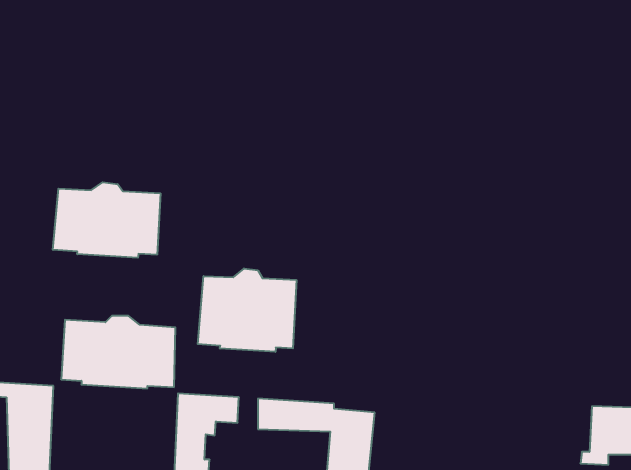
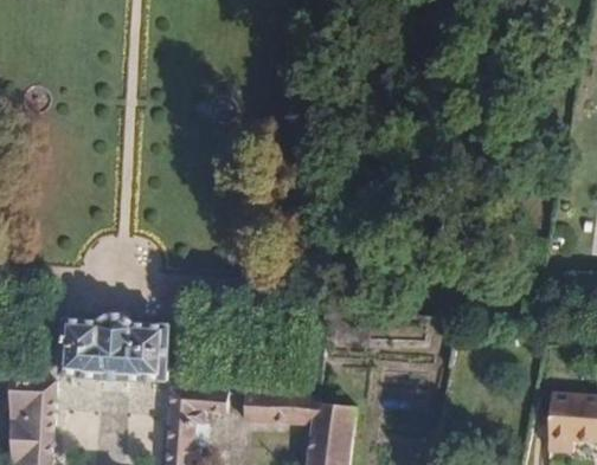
building: [53,182,160,258] -> none
building: [198,268,296,352] -> none

